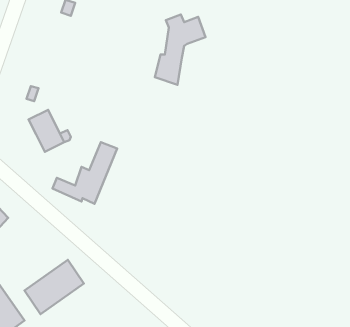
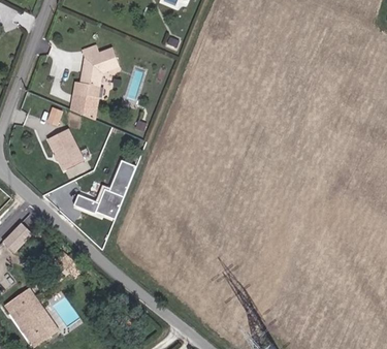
building: [155,15,206,85] -> [73,45,122,113]
building: [24,260,84,314] -> none

